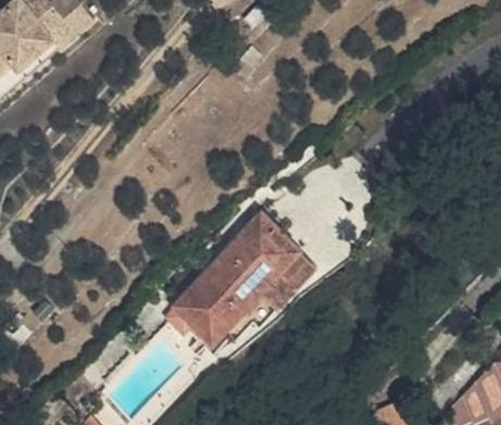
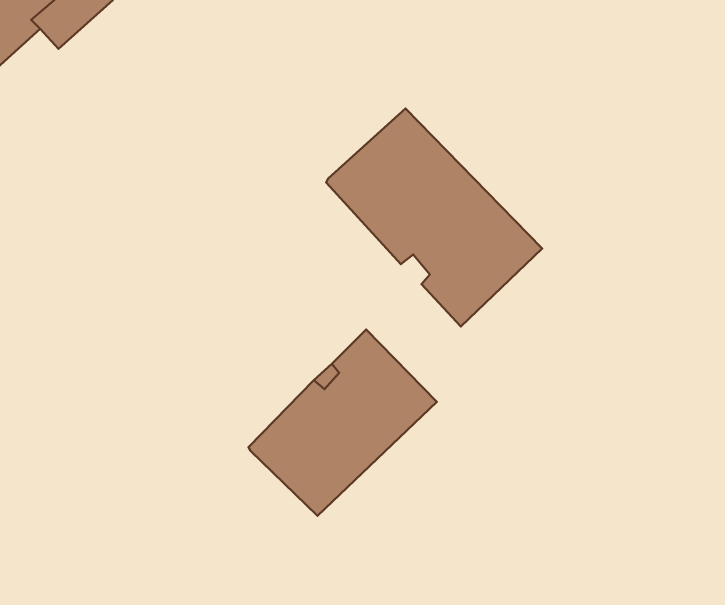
building: none -> [326,108,542,326]
building: [175,259,312,342] -> none

